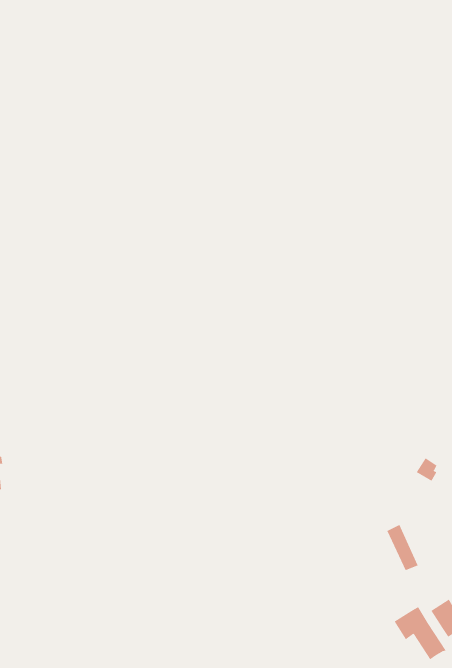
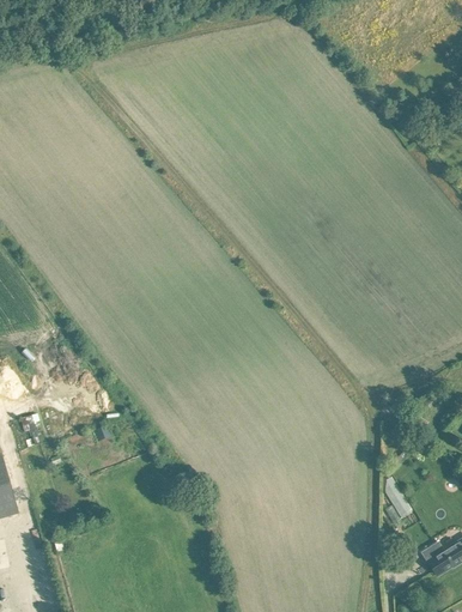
building: [394,606,447,660] -> none

